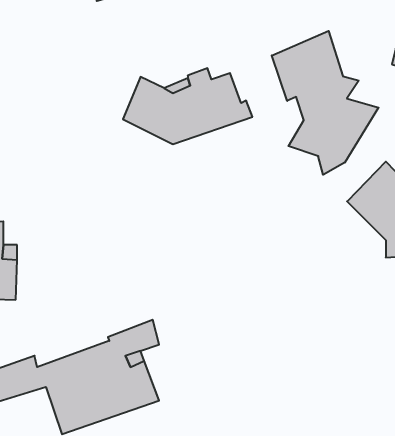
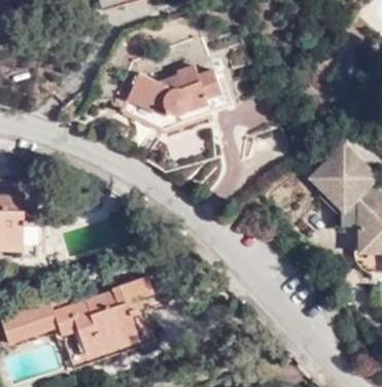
building: [272,31,379,175] -> none

